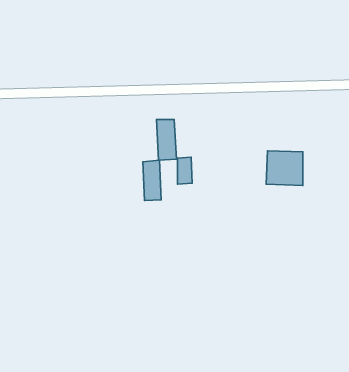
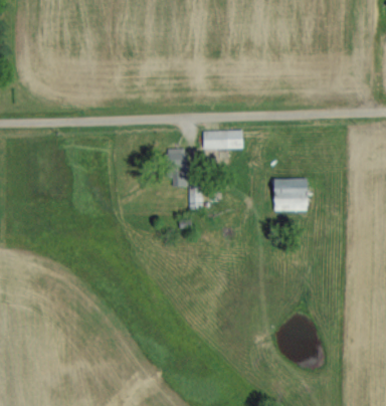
building: none -> [203,130,242,149]
building: [143,160,161,200] -> none

